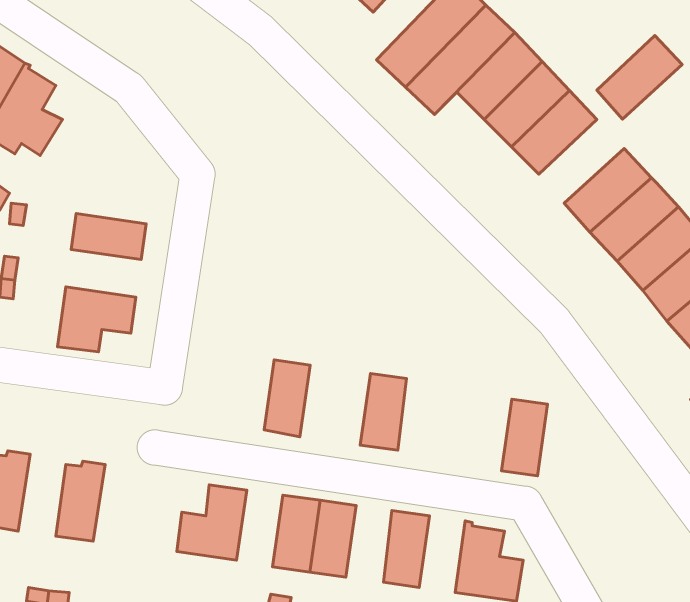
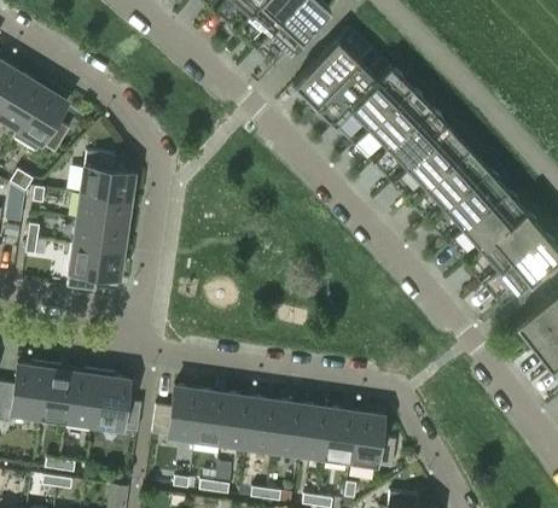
building: [597,36,682,119] -> [408,128,469,187]
building: none -> [81,151,133,202]
building: none -> [74,220,127,253]
building: [264,360,310,437] -> [194,390,227,444]
building: [360,373,406,450] -> [272,401,304,455]
building: [502,399,548,476] -> [324,408,356,462]
building: none -> [40,364,74,422]
building: none -> [93,372,143,432]

